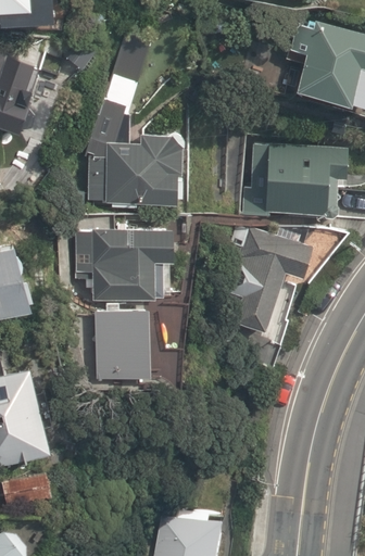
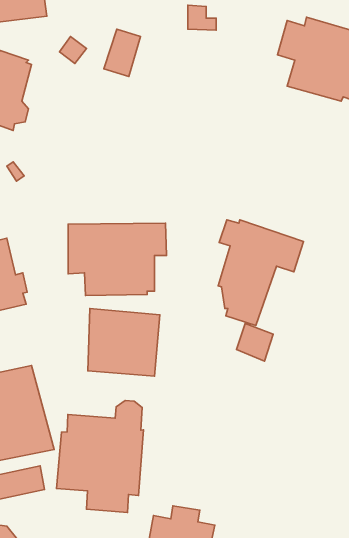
building: [81,100,182,205] -> none
building: [241,144,347,217] -> none
building: none -> [57,401,143,513]

